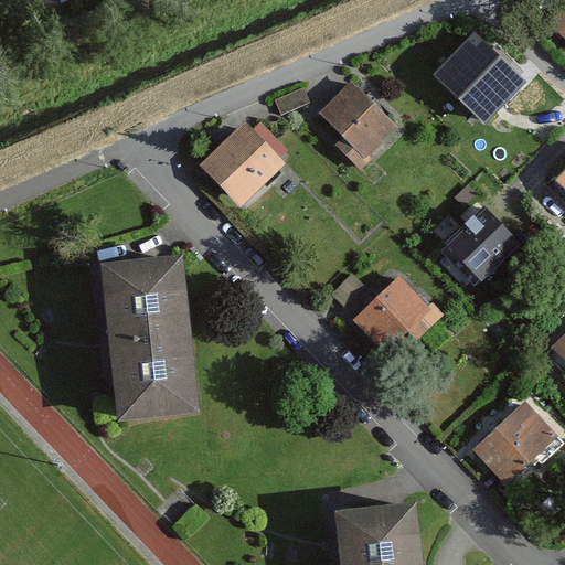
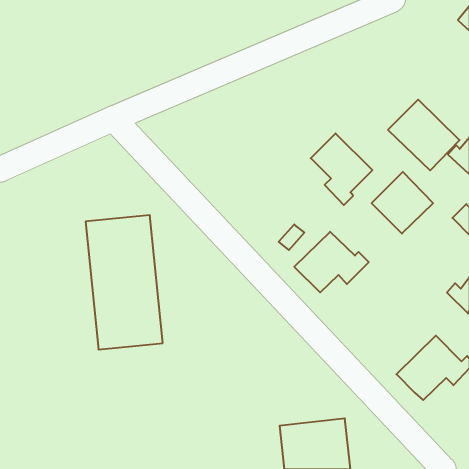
building: [436,35,522,120] -> [388,100,460,170]
building: [320,83,394,169] -> [311,133,372,205]
building: [201,122,284,205] -> none

